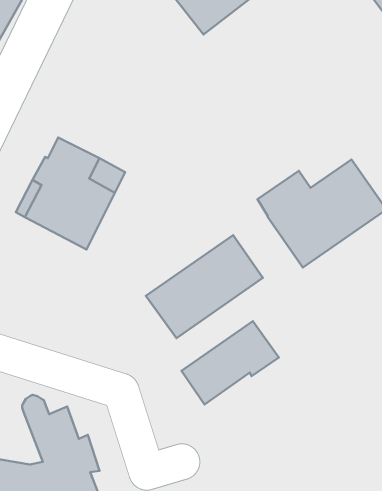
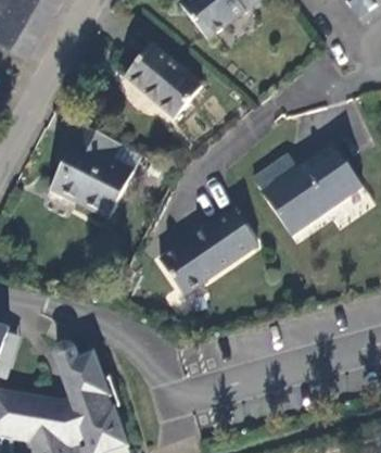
building: none -> [124,42,202,117]
building: [182,321,279,404] -> none

